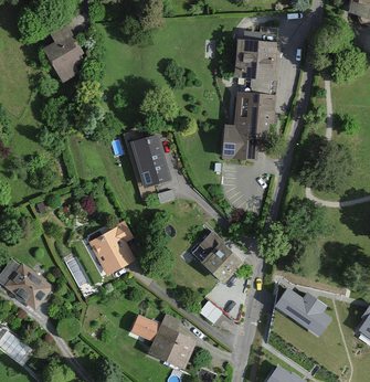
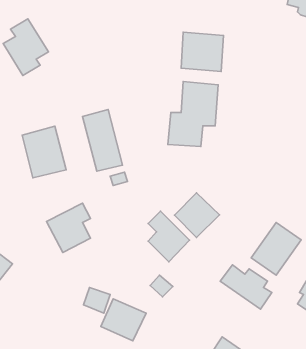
building: none -> [22,126,66,178]
building: none -> [174,193,219,237]
building: none -> [251,223,301,275]

